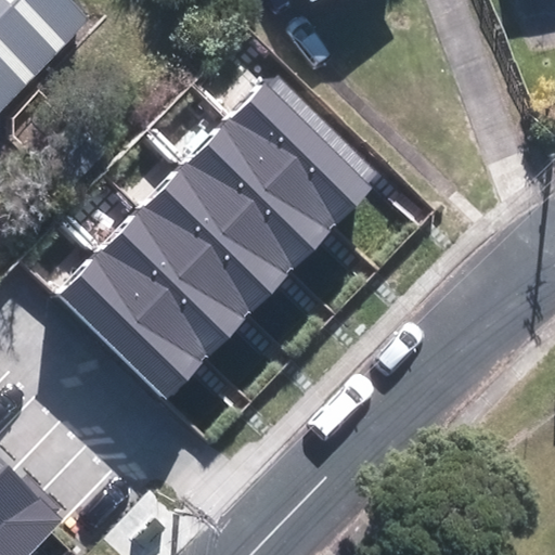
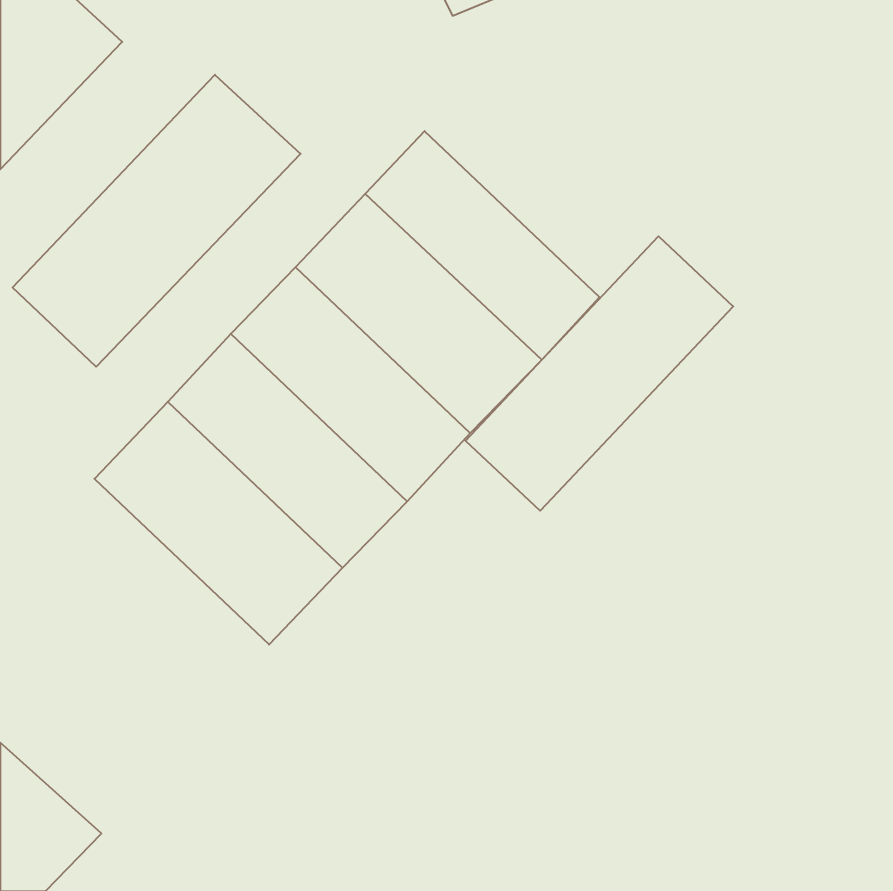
building: none -> [13,75,301,367]
building: none -> [465,236,733,511]

